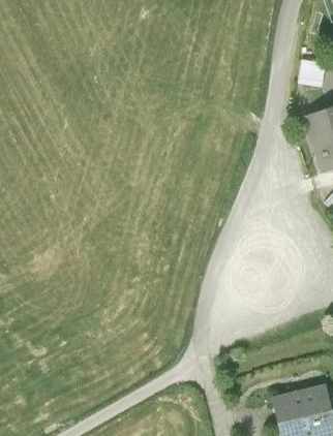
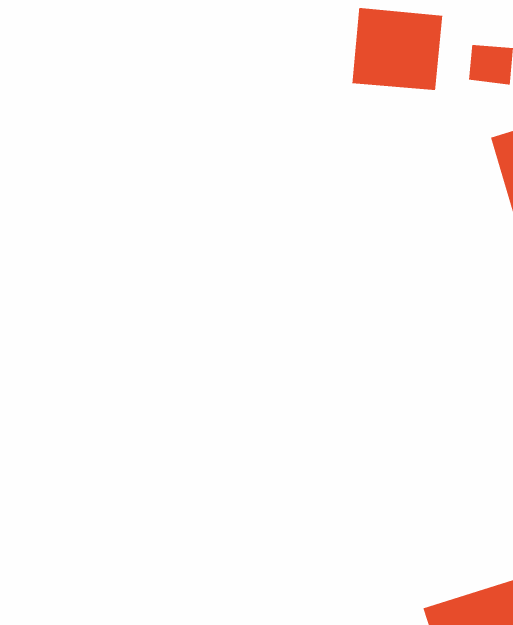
building: none -> [352,7,443,91]

